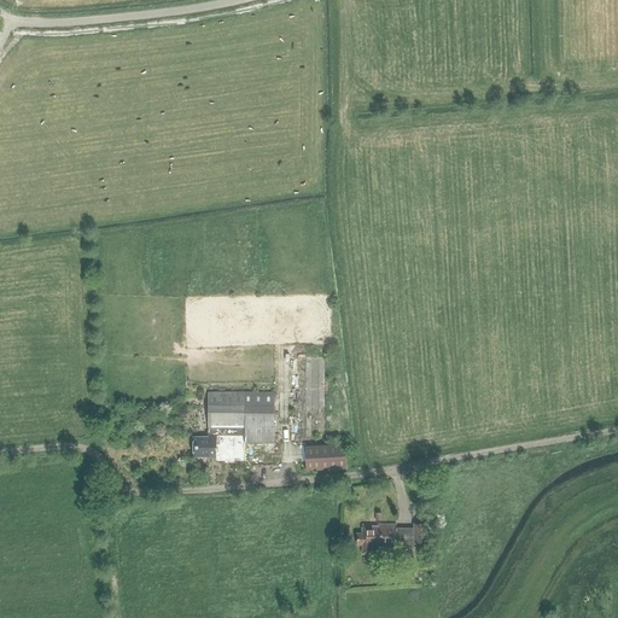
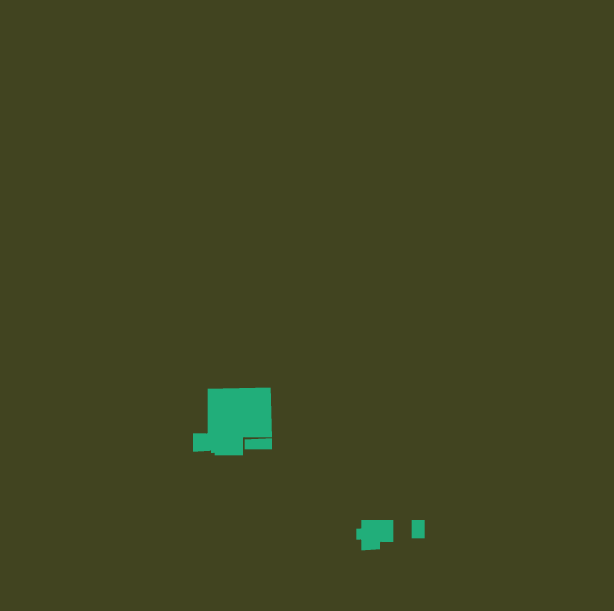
building: [304,441,346,468] -> none

